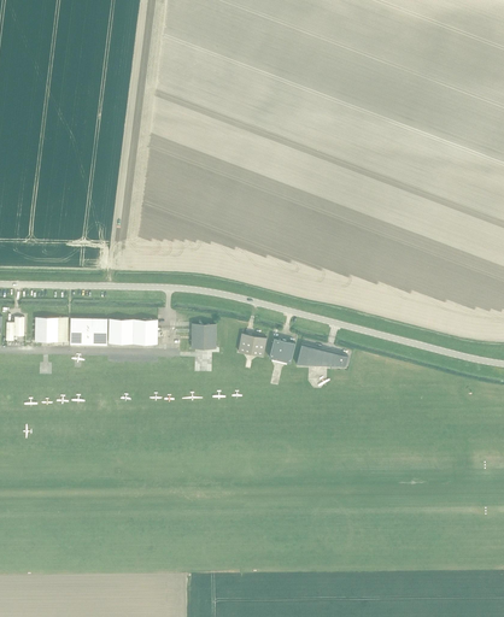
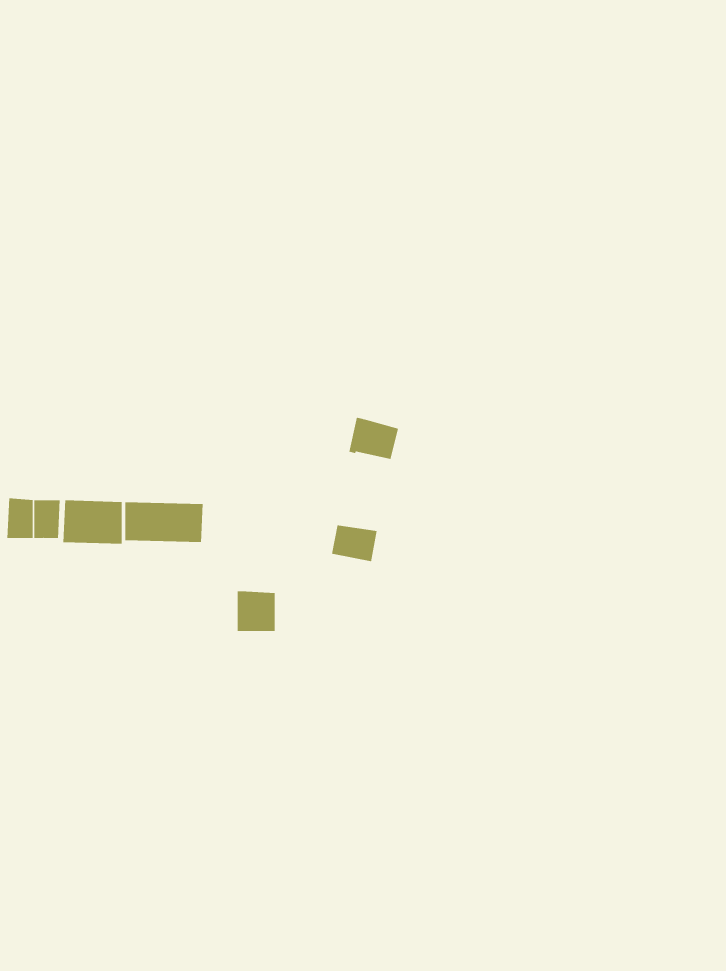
building: [192,323,216,348] -> [237,591,276,631]
building: [264,336,295,363] -> [349,417,399,460]
building: [297,345,347,366] -> none

